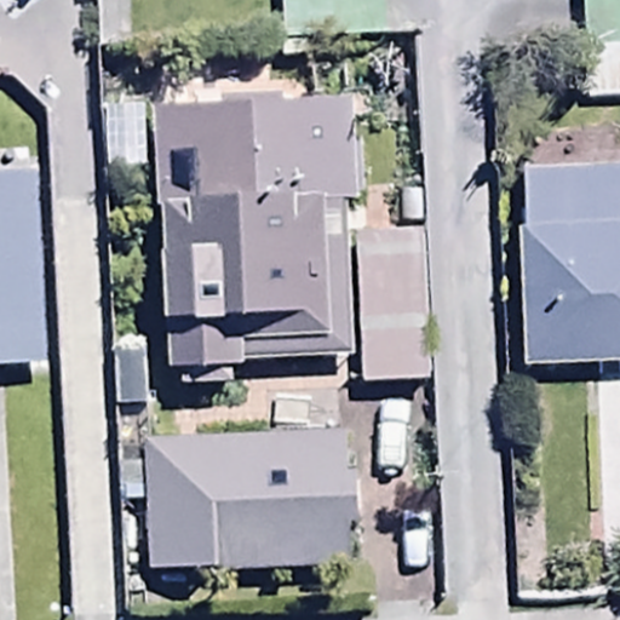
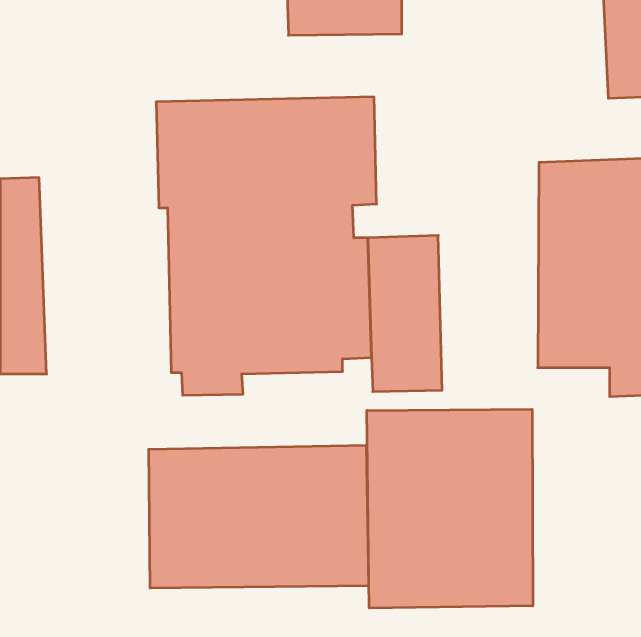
building: none -> [367,409,533,608]

